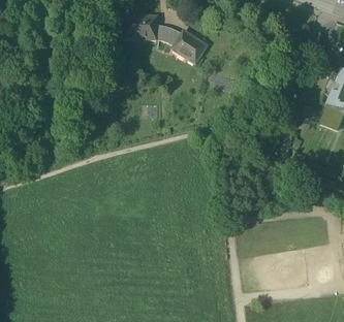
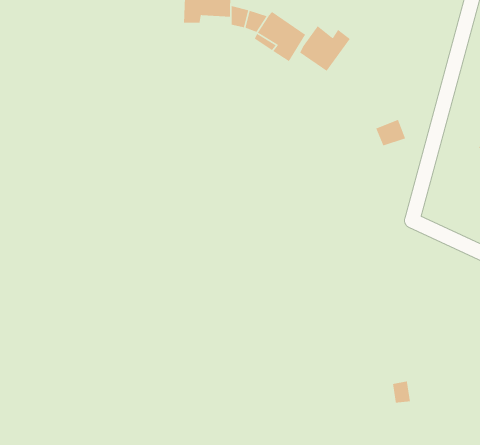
building: none -> [299,25,351,72]

